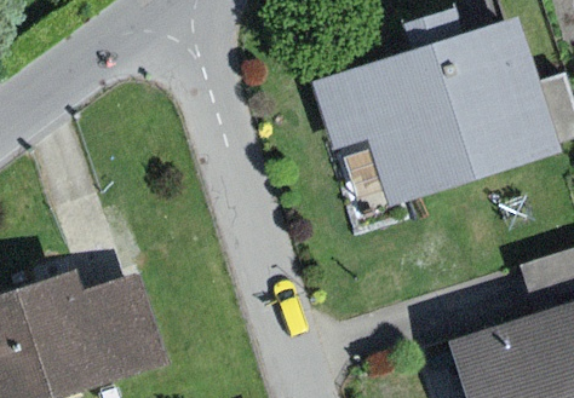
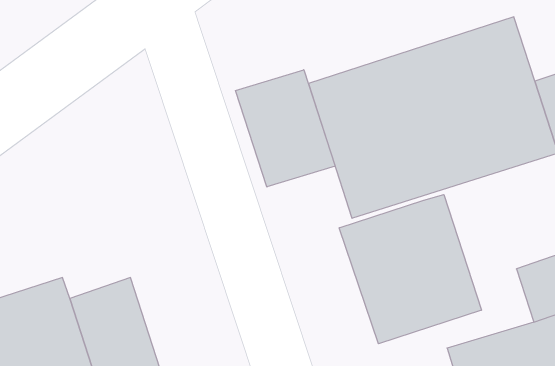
building: none -> [236,70,335,187]
building: none -> [339,195,481,344]

